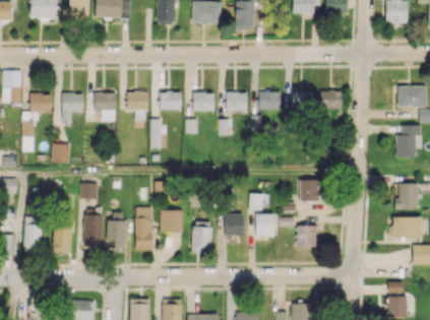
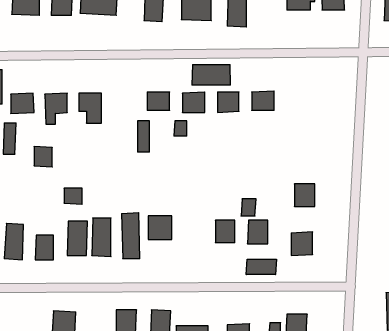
building: none -> [192,65,230,85]
building: [292,90,314,109] -> none
building: [320,90,342,109] -> none
building: [127,91,147,121] -> none
building: [192,220,212,252] -> none
building: none -> [246,259,276,275]

